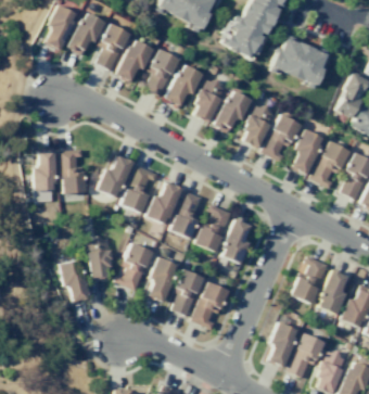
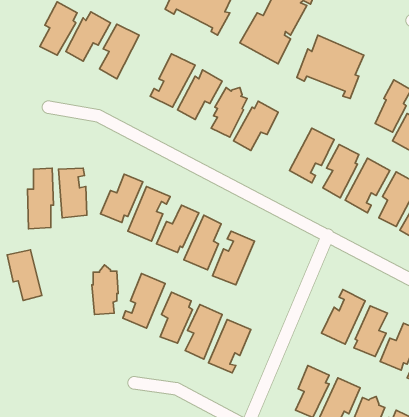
building: [115,40,154,82] -> none
building: [243,104,275,148] -> none
building: [222,219,251,264] -> none
building: [60,257,90,302] -> [7,250,42,301]

